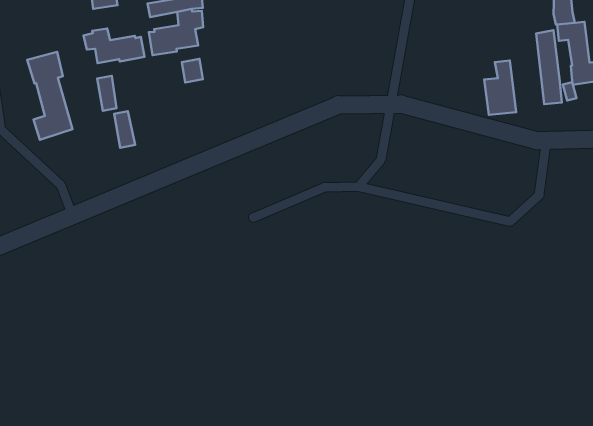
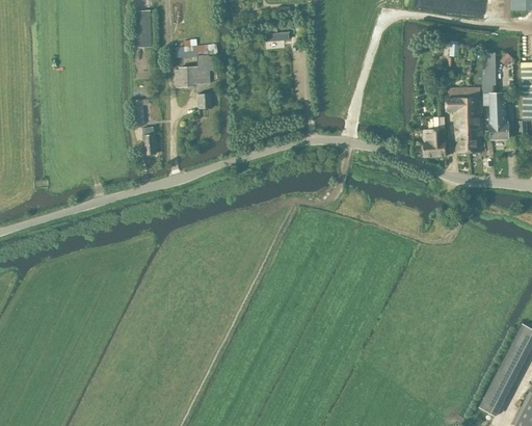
building: [83,29,144,63] -> none
building: none -> [448,98,468,152]
building: [27,52,72,140] -> none

